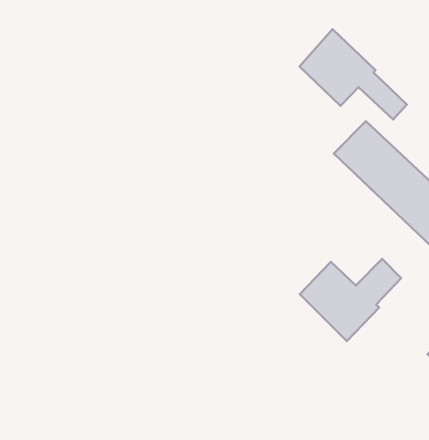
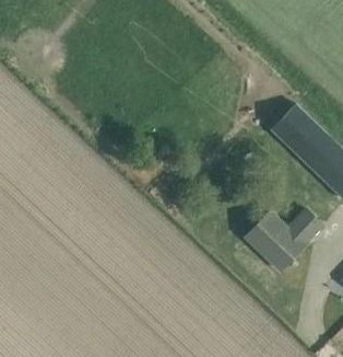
building: [300,29,407,120] -> none

